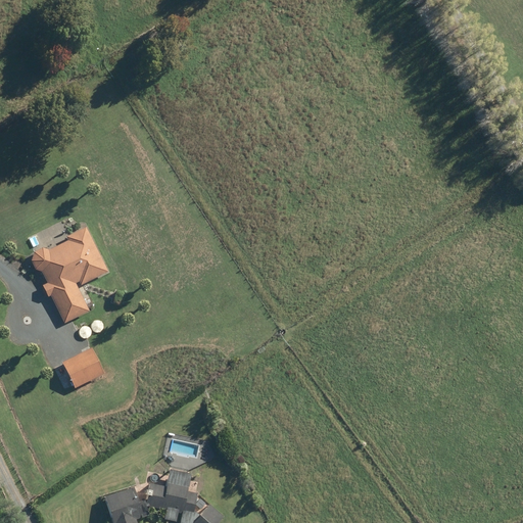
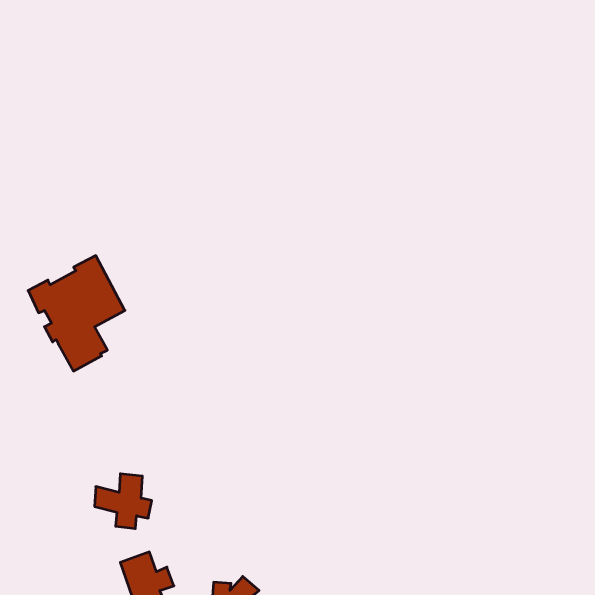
building: [60,348,102,389] -> none
building: [148,470,198,518] -> [95,474,152,529]

